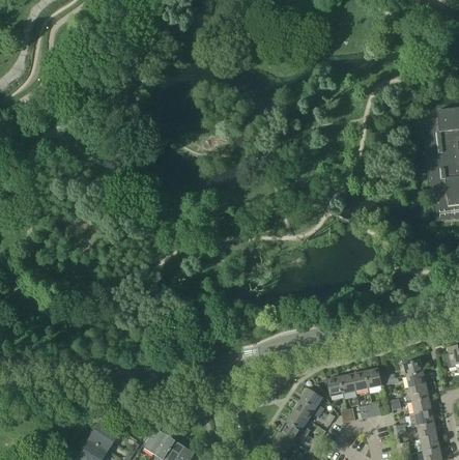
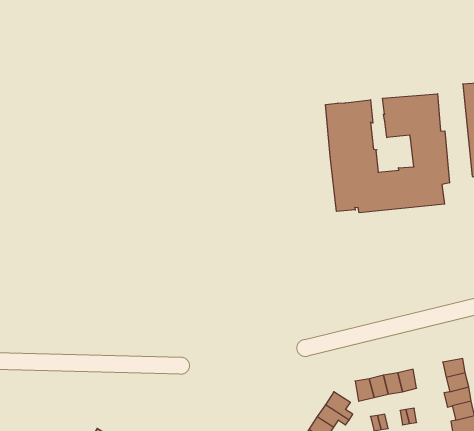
building: none -> [326,94,449,213]

